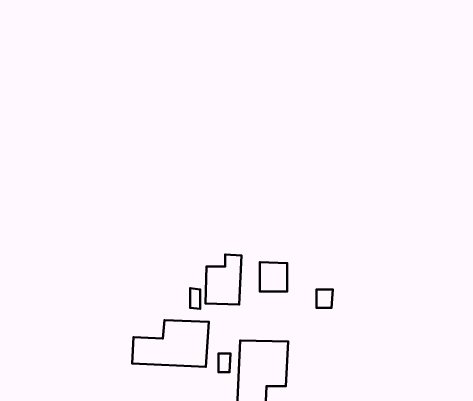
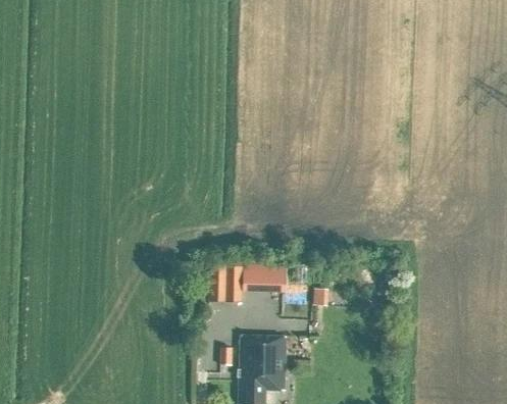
building: [132,320,209,367] -> none

